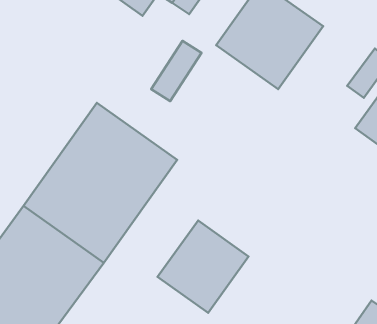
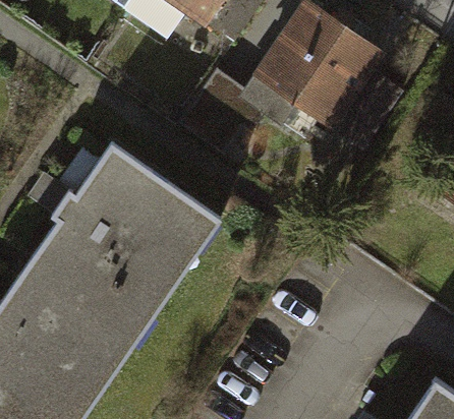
building: [158,221,249,313] -> none

